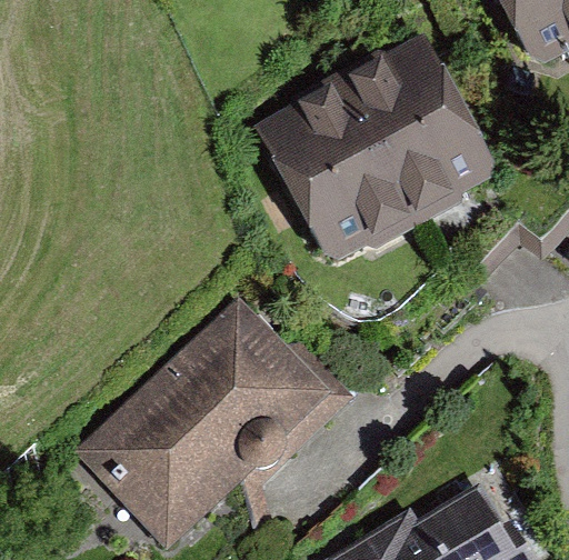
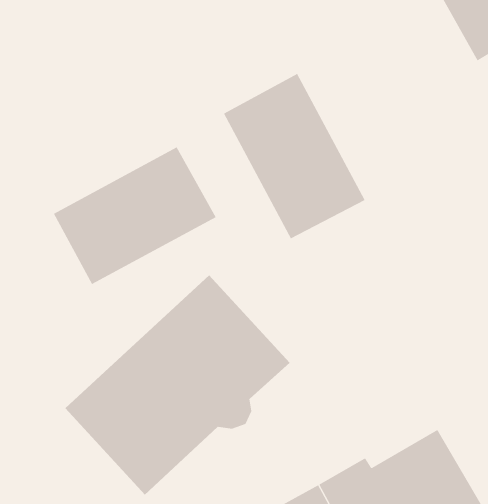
building: [336,34,499,221] -> none
building: none -> [53,146,217,285]

